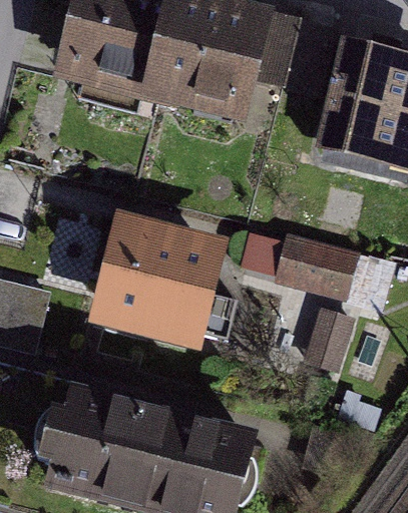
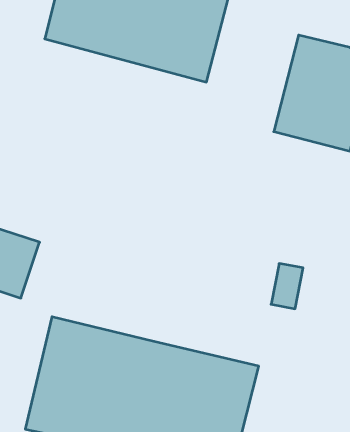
building: [94,216,223,343] -> none
building: [238,222,395,313] -> none

